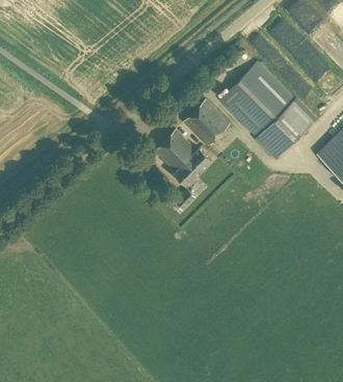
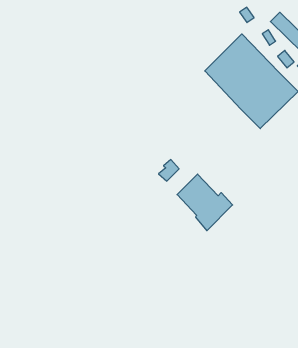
building: [181,100,229,147] -> none
building: [154,130,210,187] -> [177,174,233,231]

